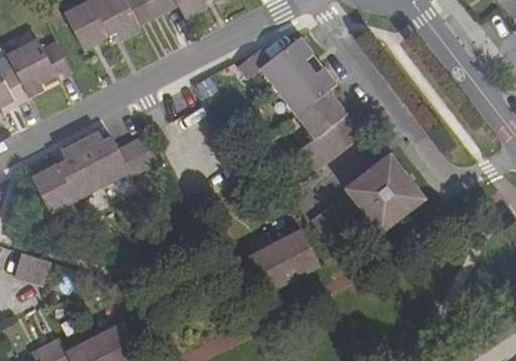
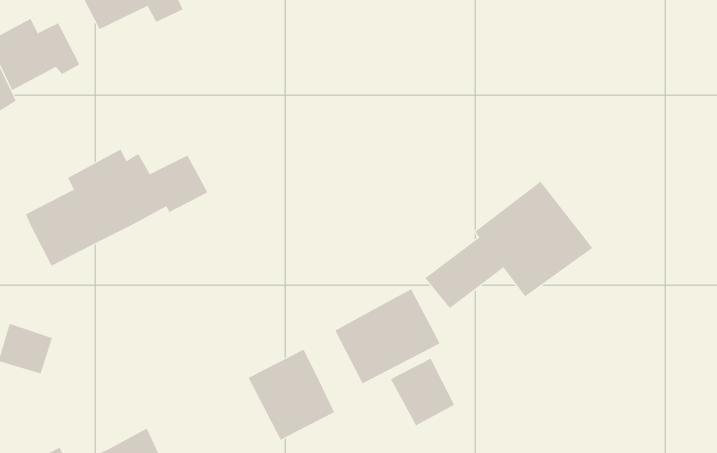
building: [239,35,362,170] -> none
building: none -> [248,349,335,441]
building: none -> [390,358,455,426]

